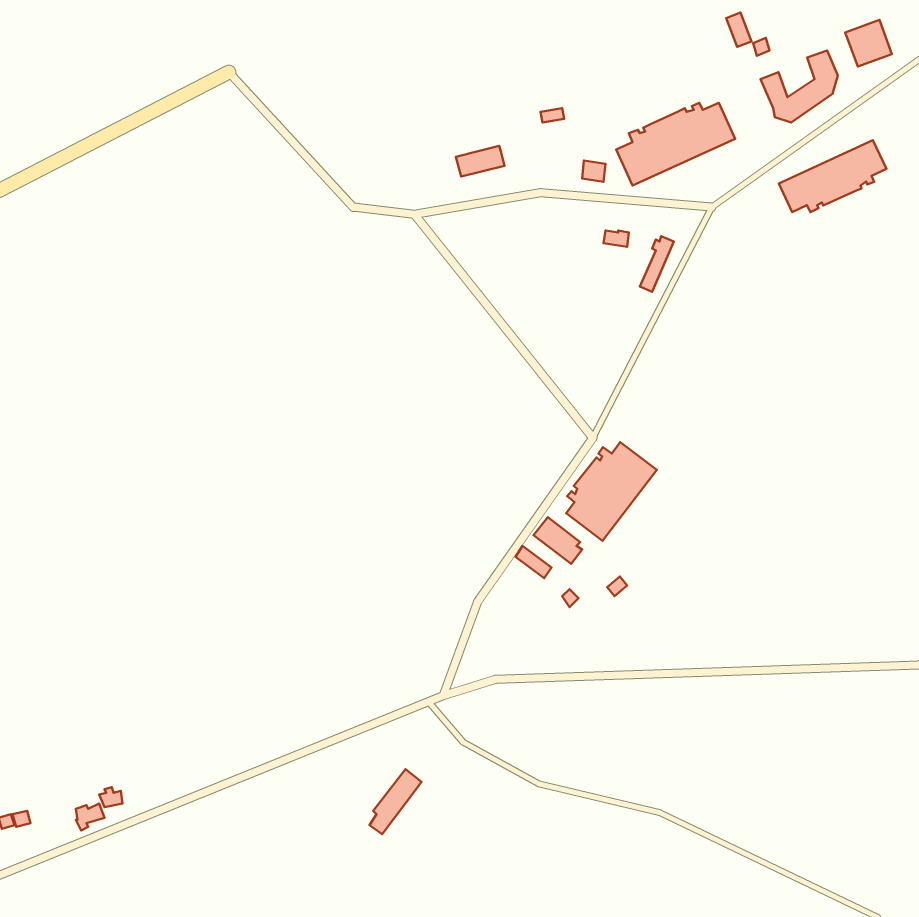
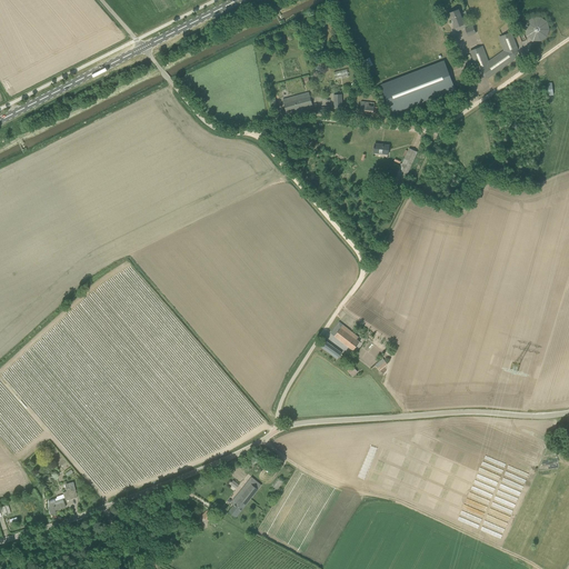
building: [779,140,886,212] -> none
building: [566,442,657,541] -> none

